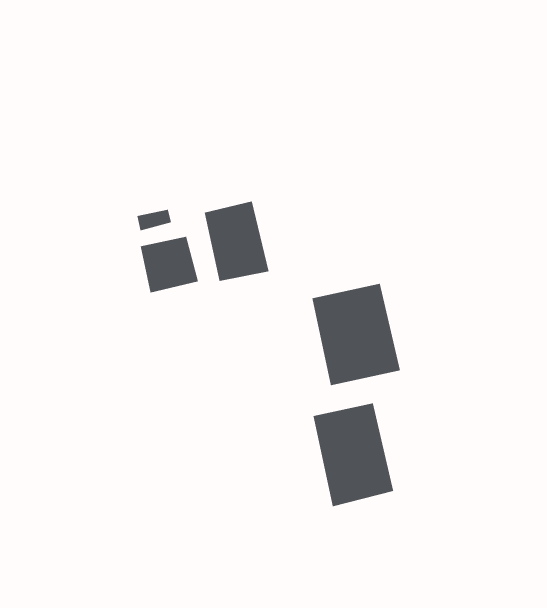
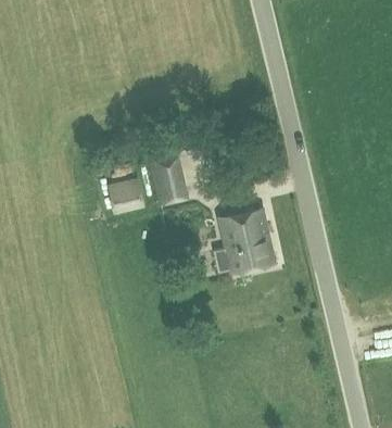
building: [313,403,394,507] -> none

